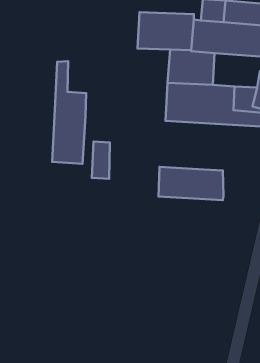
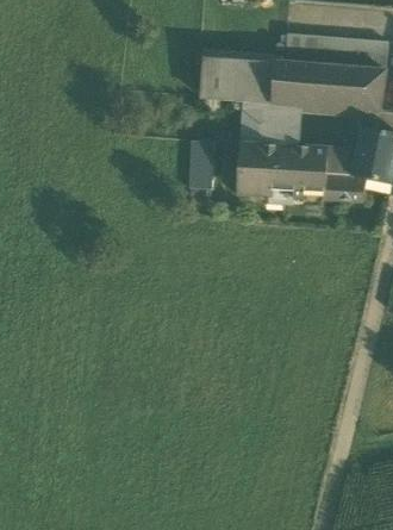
building: [52,61,86,164] -> none
building: [92,142,110,179] -> [191,139,214,188]
building: [159,167,223,200] -> none

